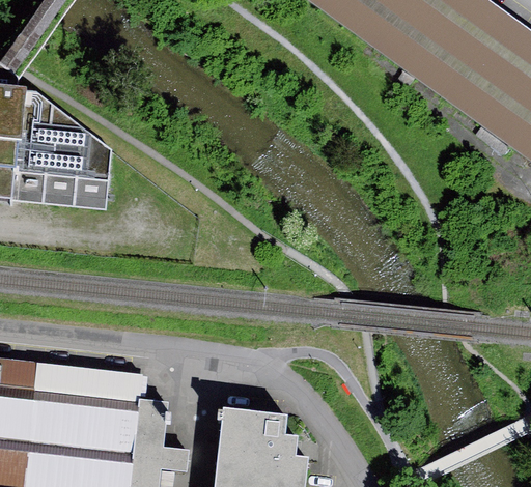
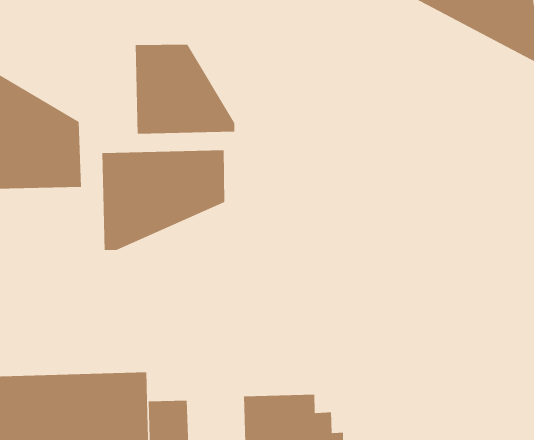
building: none -> [135,44,235,135]
building: none -> [102,149,225,251]

